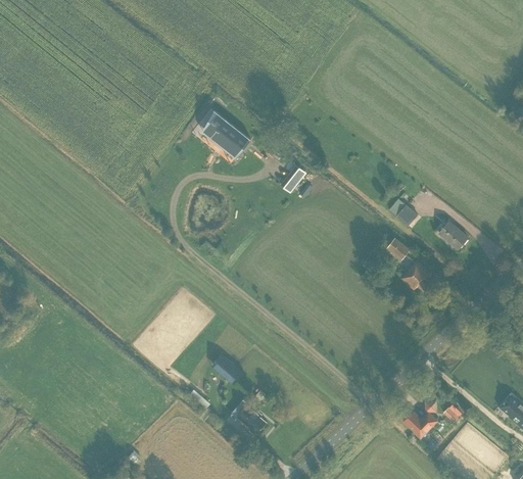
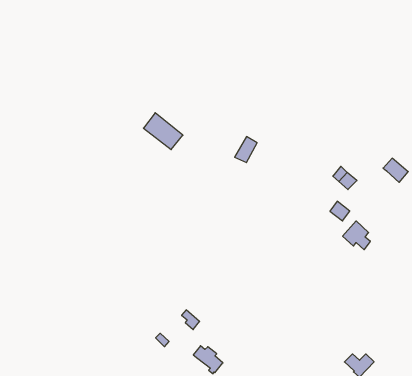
building: [204,112,249,154] -> [143,113,183,150]
building: [437,222,466,249] -> [383,158,408,182]

